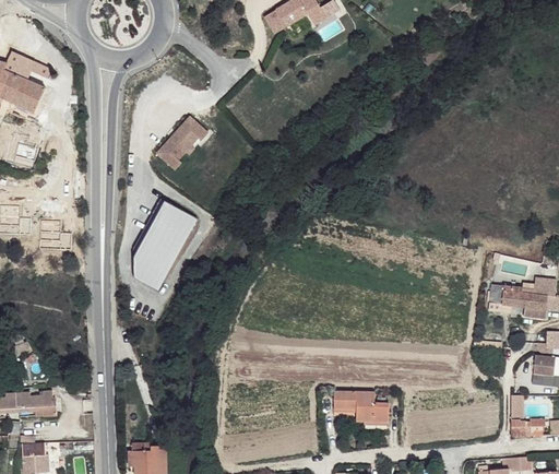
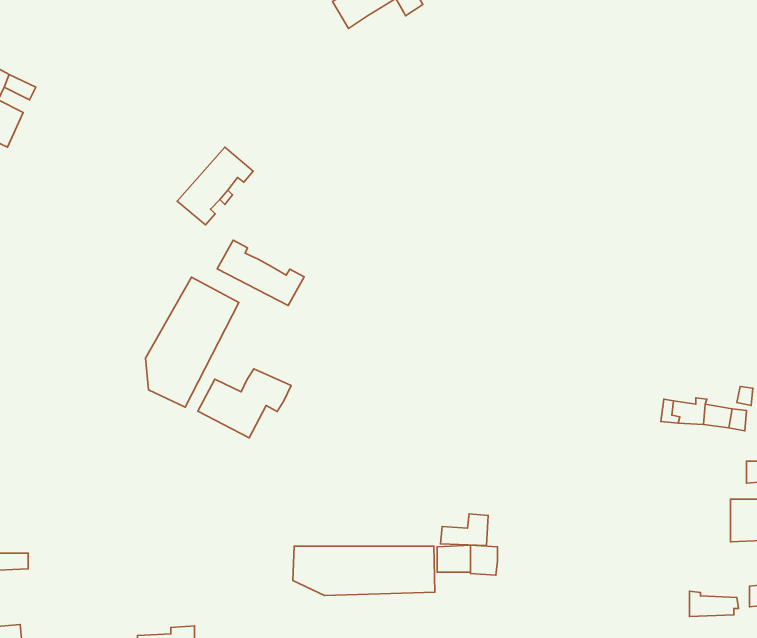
building: none -> [217,240,304,305]
building: none -> [198,369,291,438]
building: none -> [293,546,435,595]
building: [356,400,389,422] -> [441,514,488,546]

